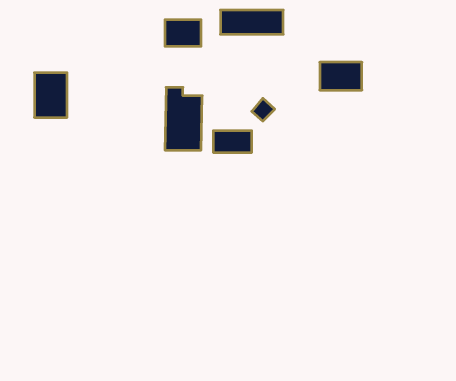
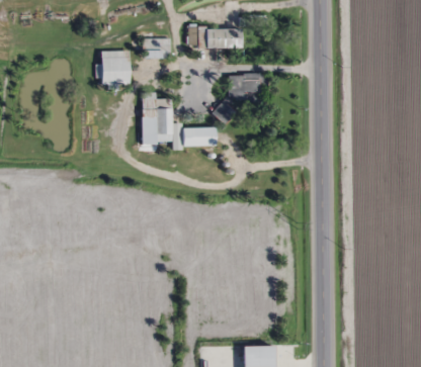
building: [320,62,362,90] -> [229,75,264,98]
building: [34,73,67,117] -> [101,52,129,89]

